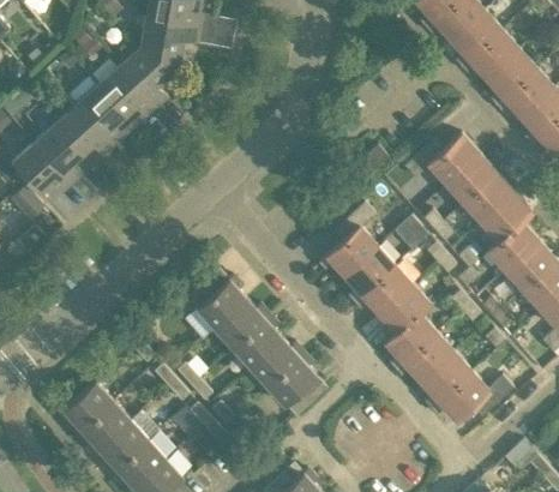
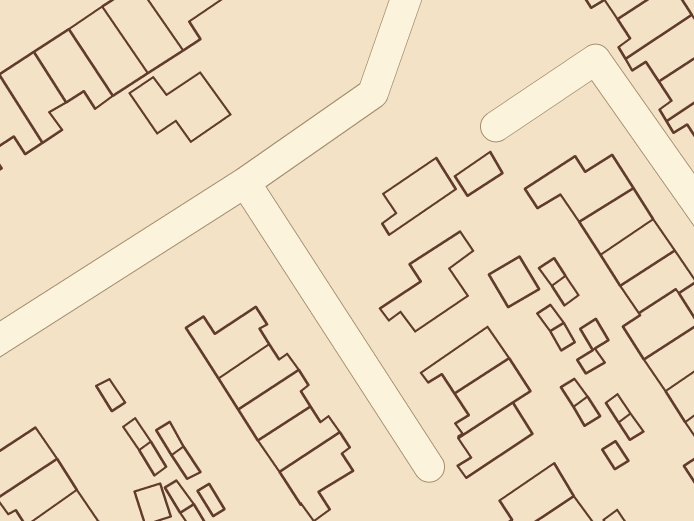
building: none -> [130,72,231,142]
building: [344,245,393,302] -> [382,158,456,235]
building: [395,332,453,382] -> none

